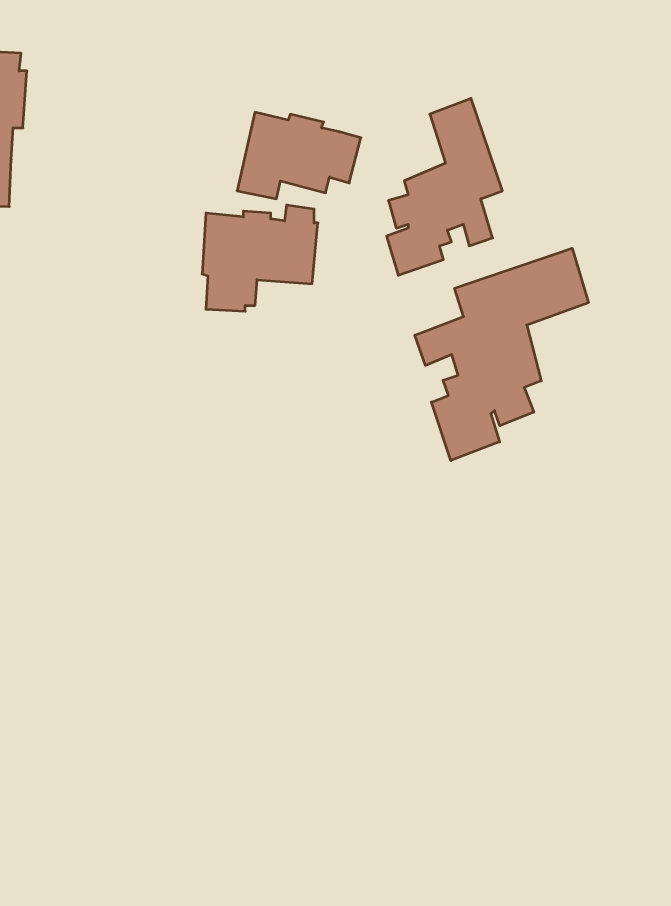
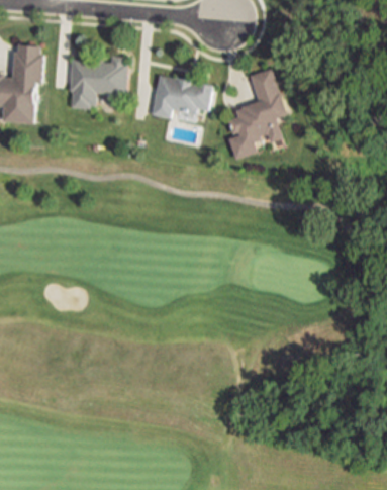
building: [202,205,318,311] -> [68,56,127,110]
building: [415,248,588,461] -> none

